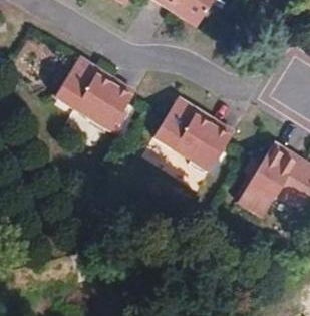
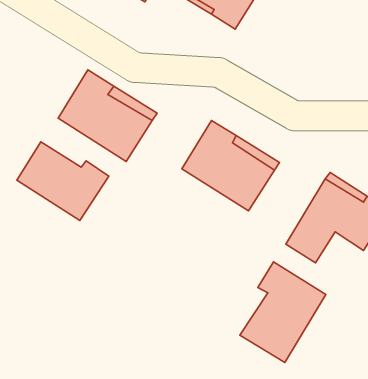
building: none -> [17,142,109,221]
building: none -> [240,262,326,362]

